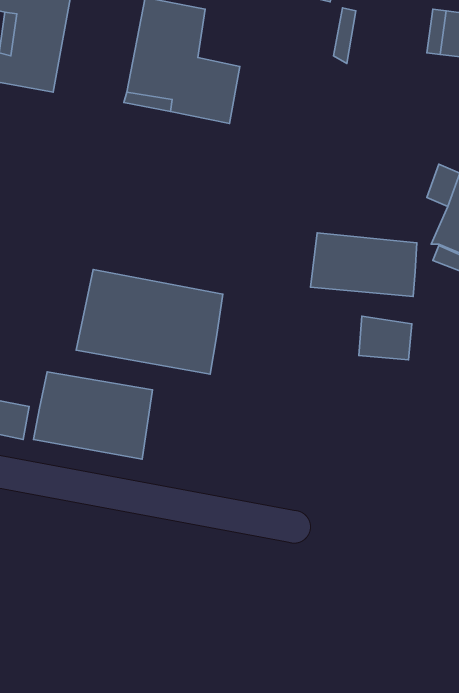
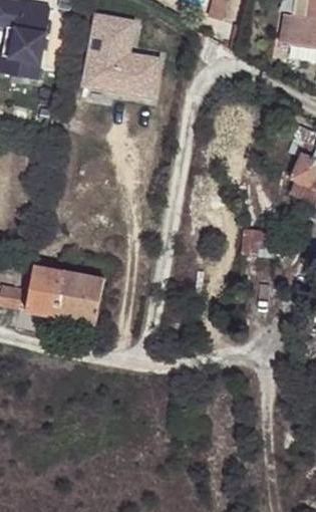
building: [310,233,417,297] -> none
building: [76,270,223,374] -> none

